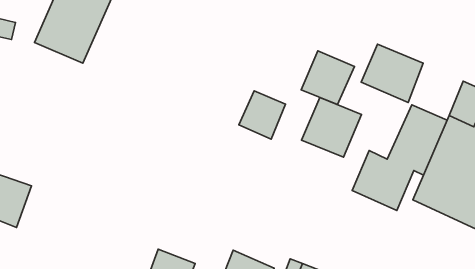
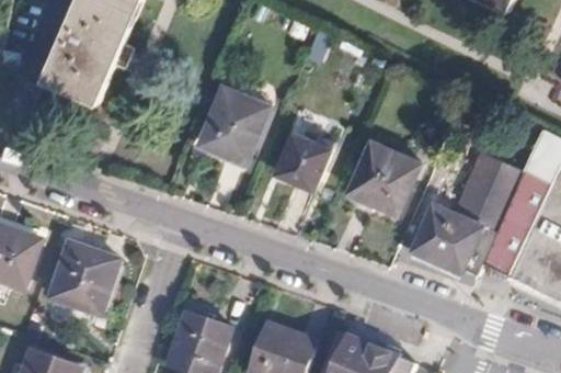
building: [361,44,423,103] -> none
building: none -> [202,86,270,161]
building: [301,51,355,105] -> none
building: none -> [48,249,115,319]

